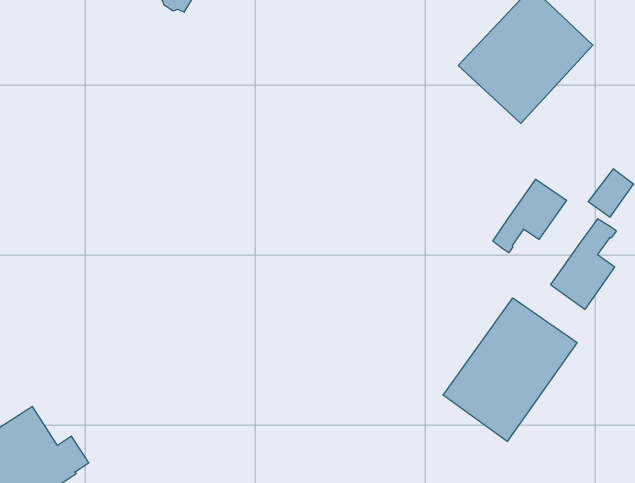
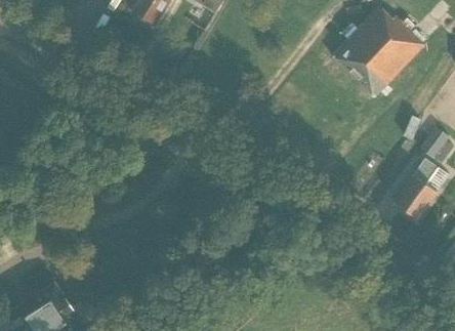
building: [493,179,567,253] -> none
building: [443,298,577,441] -> none

